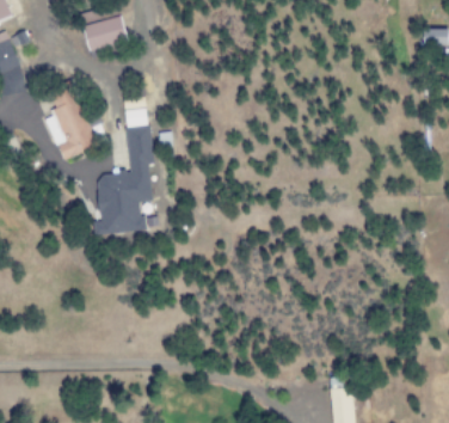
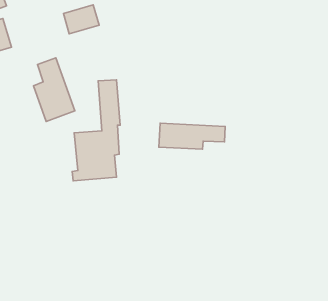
building: none -> [159,123,225,149]

